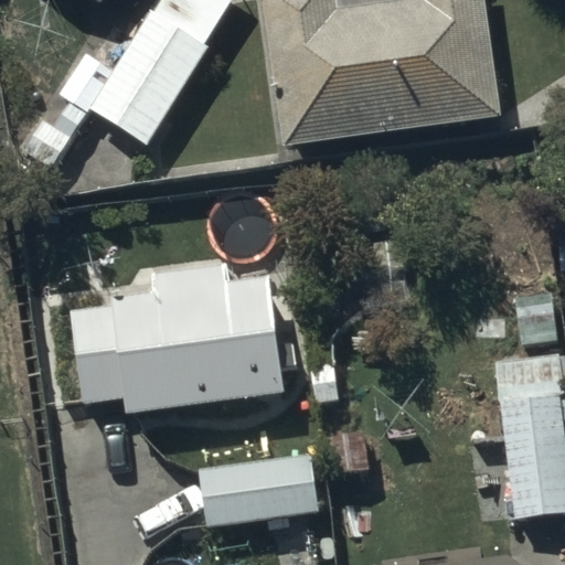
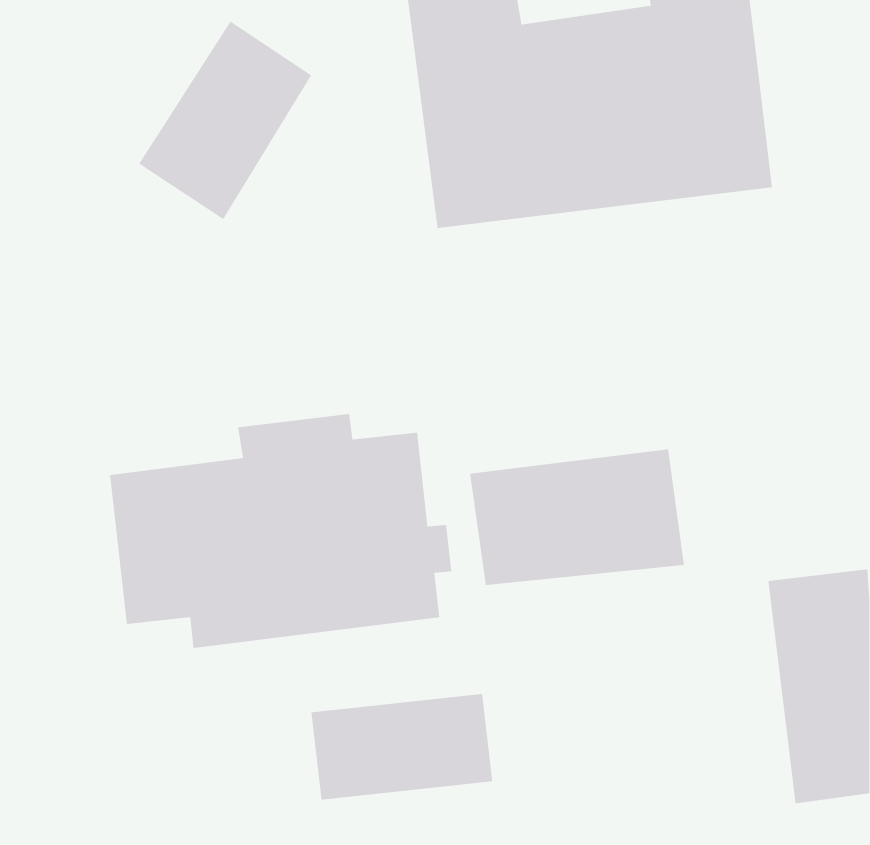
building: none -> [469,448,685,586]

